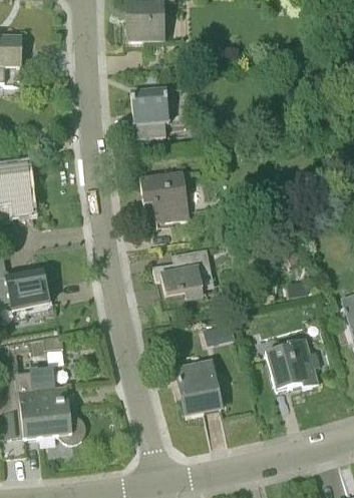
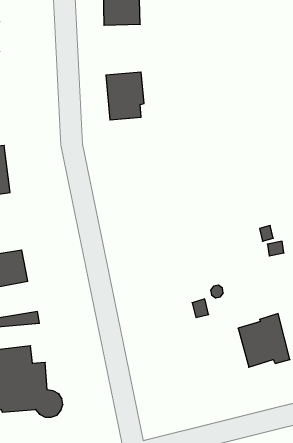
building: [139,170,202,222] -> none
building: [151,250,213,301] -> none
building: [174,361,221,416] -> none

